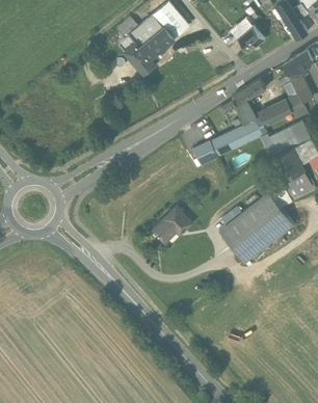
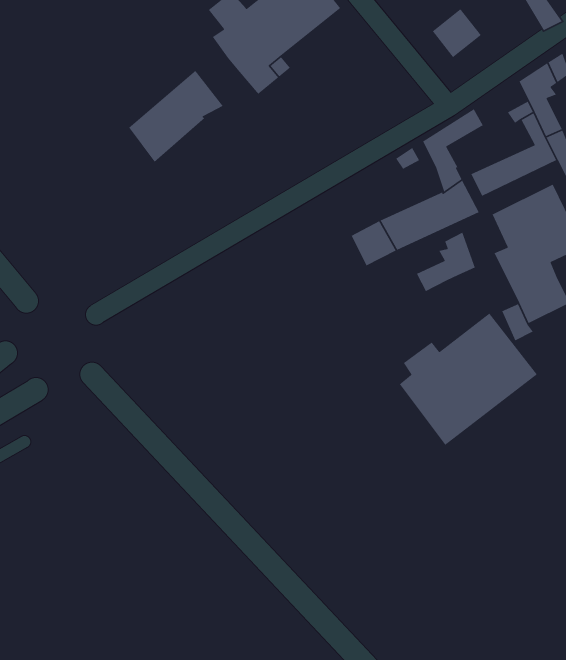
building: none -> [128,70,224,163]
building: none -> [416,232,476,292]
building: [155,205,192,239] -> none

